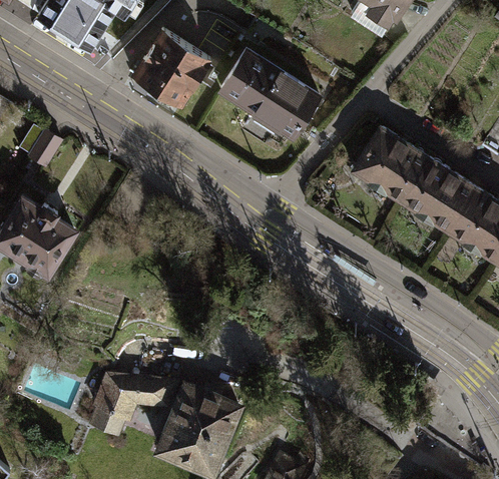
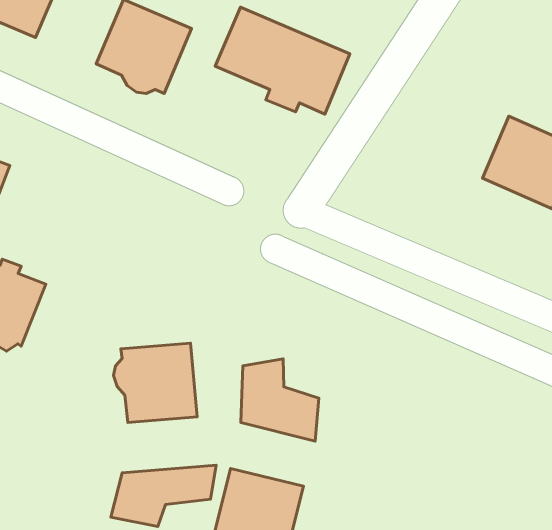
building: [353,128,428,200] -> none
building: none -> [114,343,197,423]
building: none -> [241,359,319,441]

